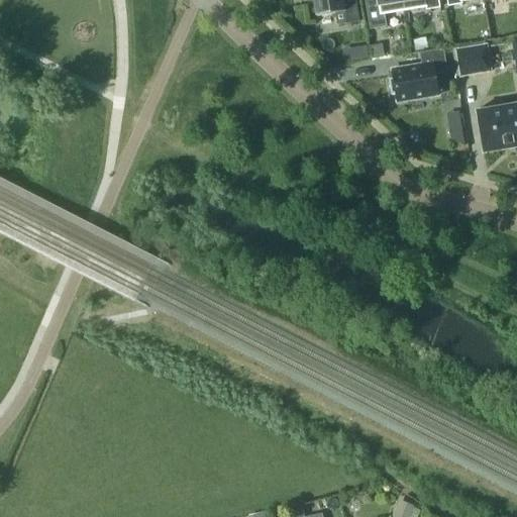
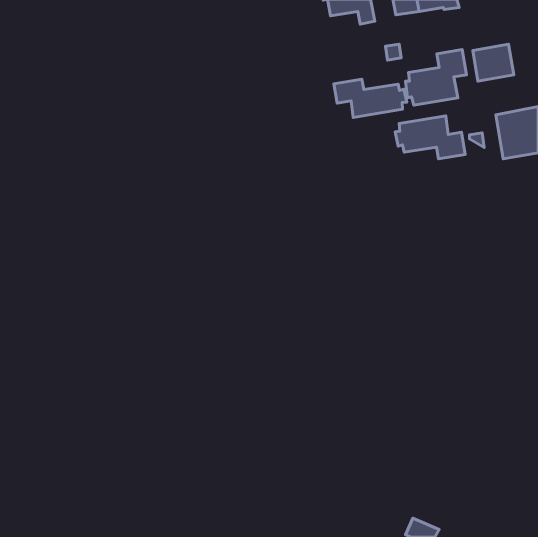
building: none -> [334,79,407,118]
building: none -> [395,116,465,159]

